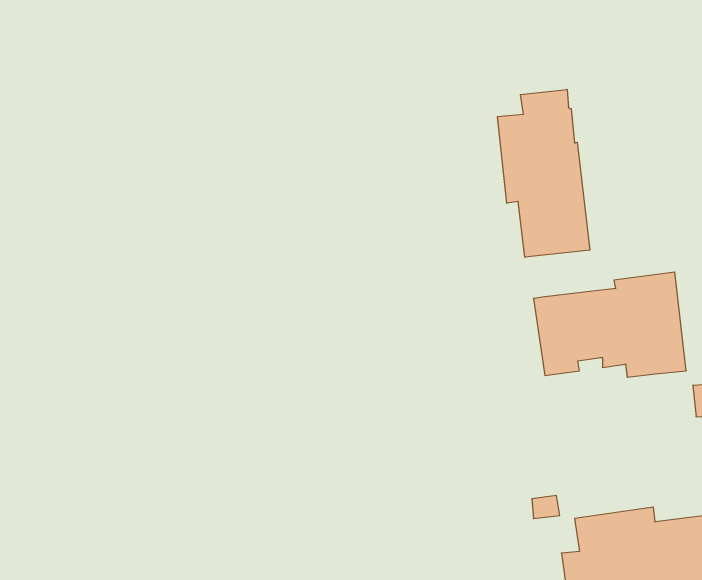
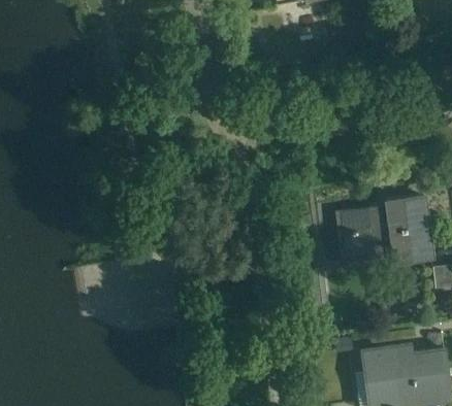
building: [497,89,590,257] -> none

